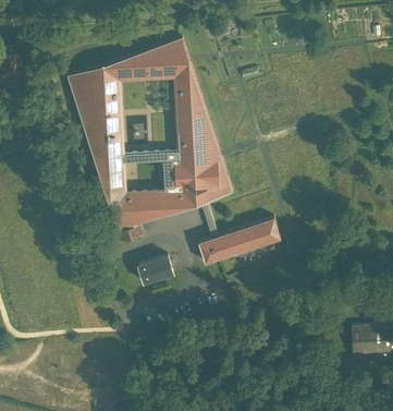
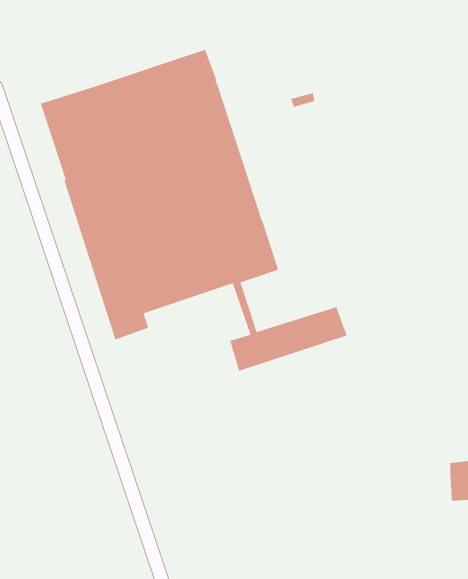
building: [138,256,173,285] -> none

